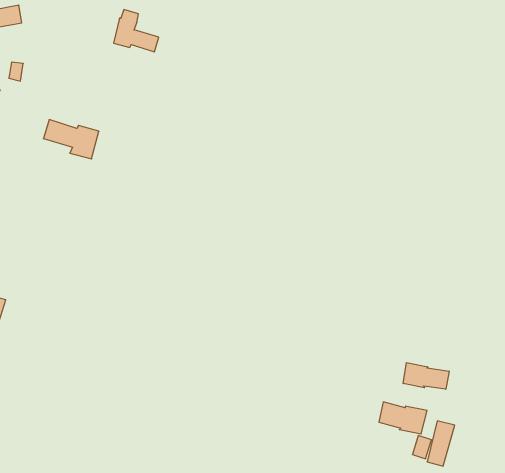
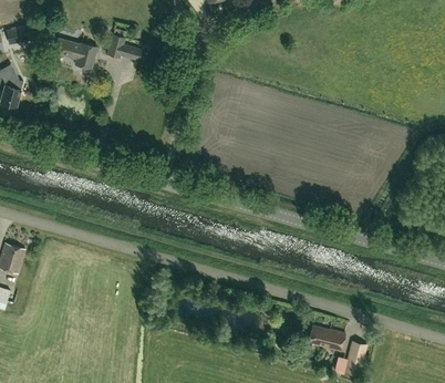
building: [43,120,99,159] -> [54,39,96,69]
building: [403,363,449,389] -> none

